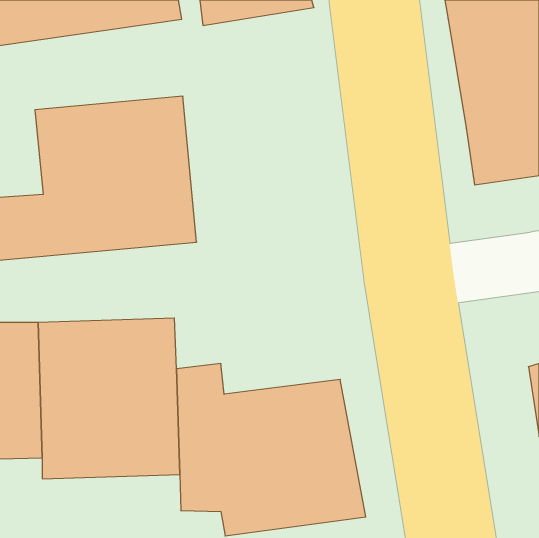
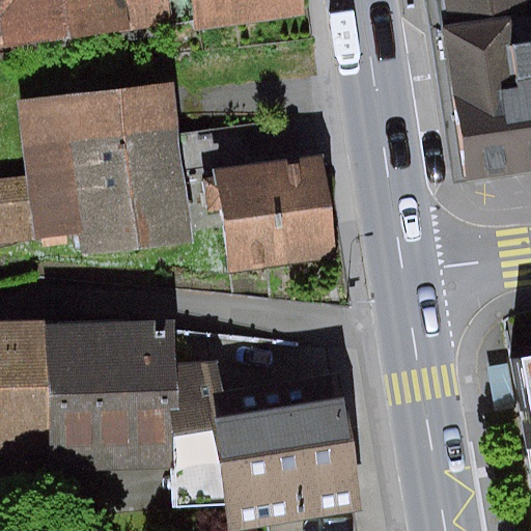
building: none -> [214,151,337,269]

